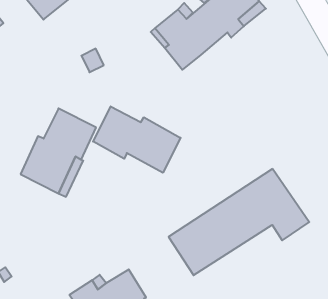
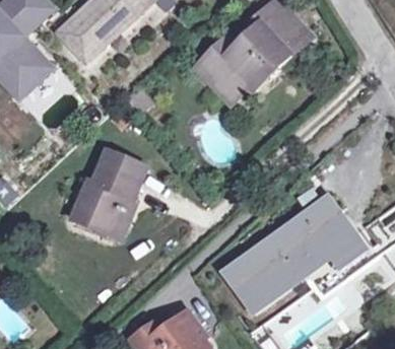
building: [93,106,181,173] -> none

